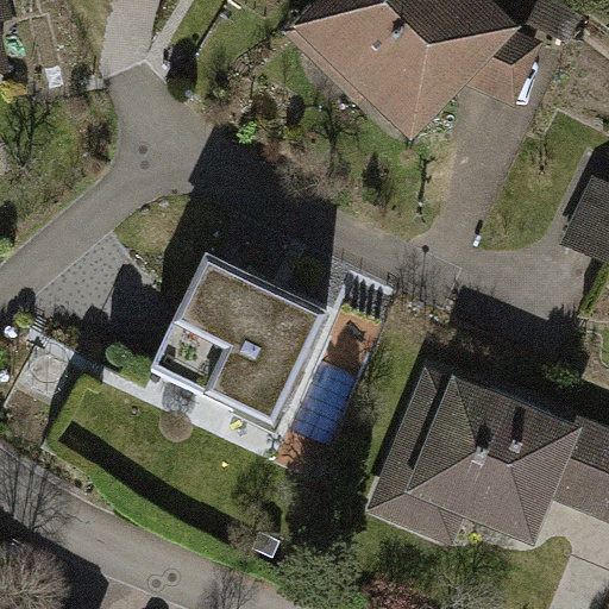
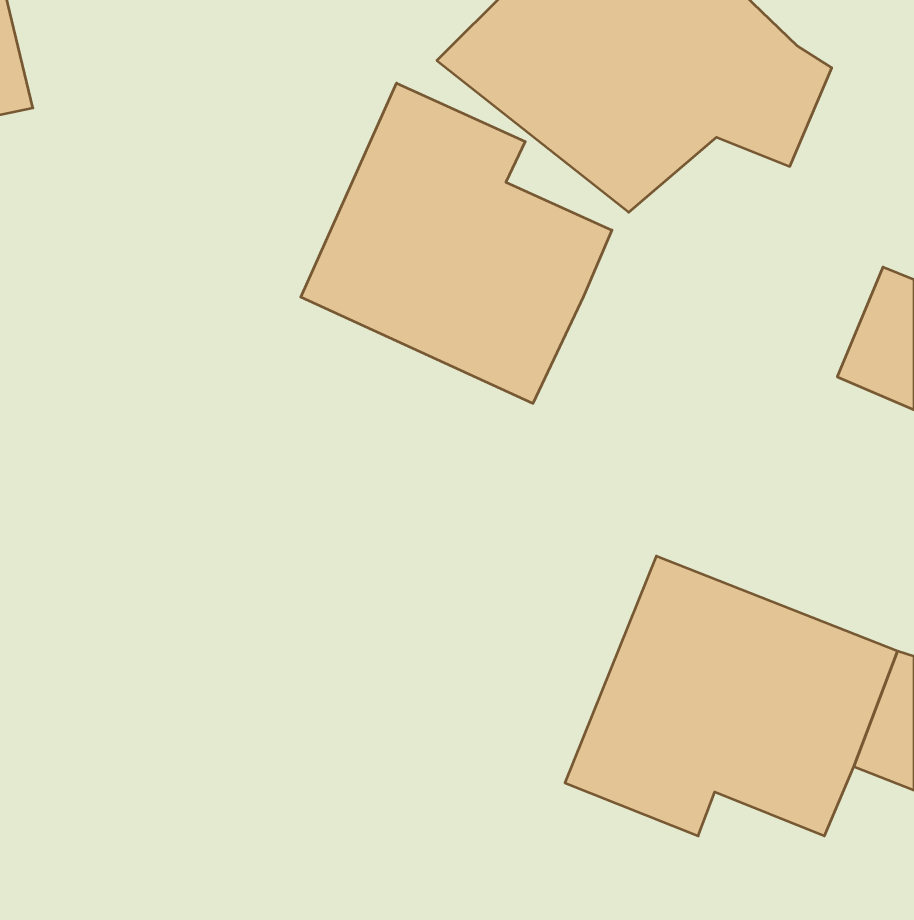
building: none -> [301,83,612,403]
building: [158,258,338,428] -> none

